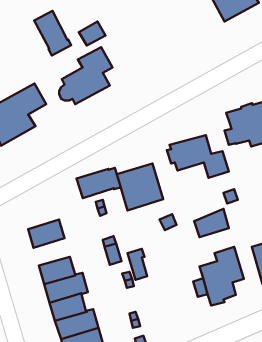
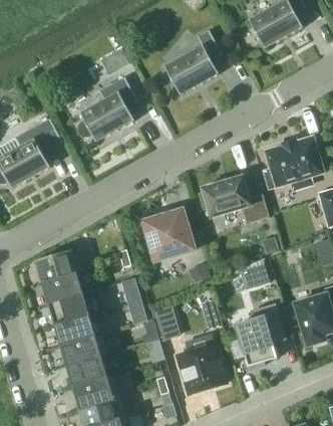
building: none -> [164,29,222,94]
building: [34,11,71,56] -> none
building: [77,168,121,198] -> [35,248,85,282]
building: none -> [48,292,89,324]
building: none -> [177,344,226,393]

